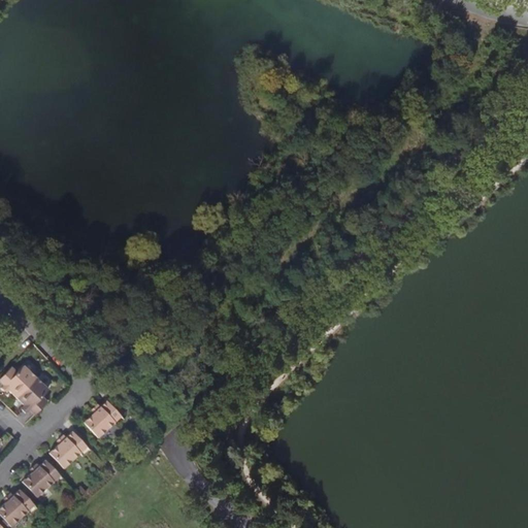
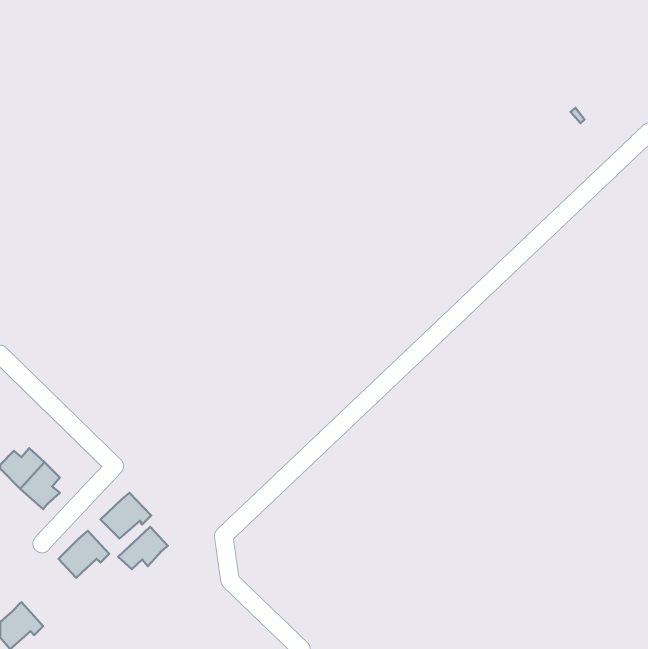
building: none -> [118,527,168,569]
building: [21,459,62,497] -> none

